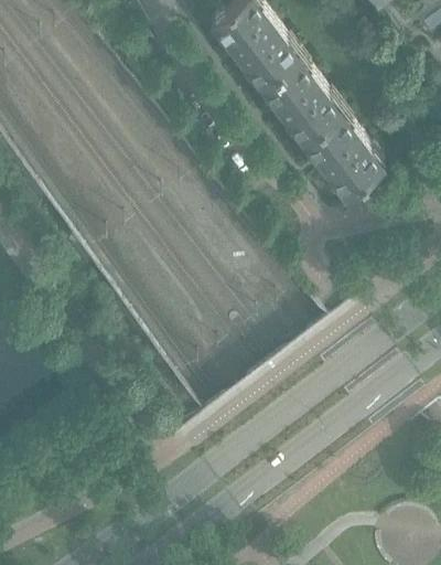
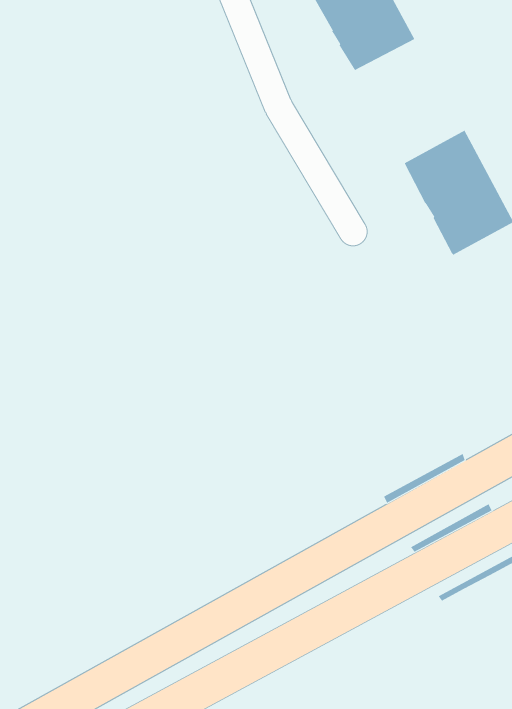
building: [256,55,338,142] -> none

